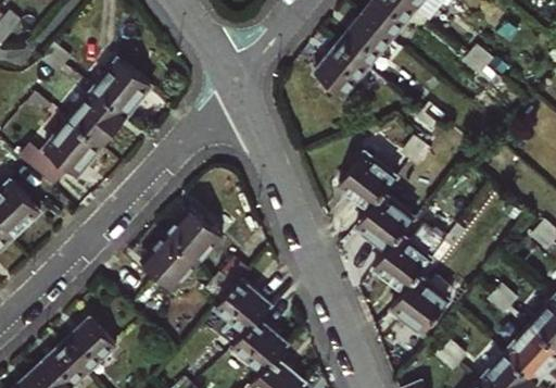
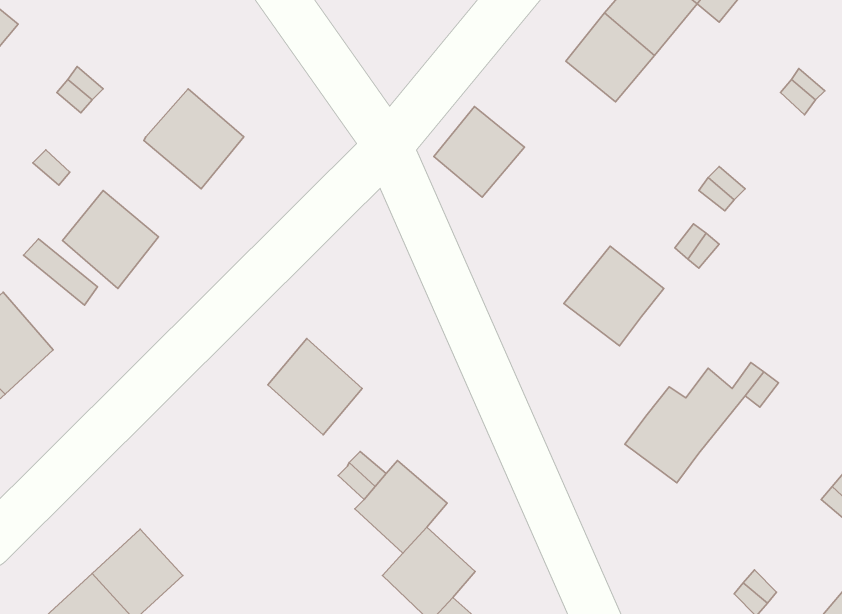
building: [315,43,368,97] -> [434,107,525,197]
building: [67,90,125,147] -> none
building: [357,193,413,251] -> none
building: [140,234,197,289] -> none
building: [391,274,450,334] -> none

